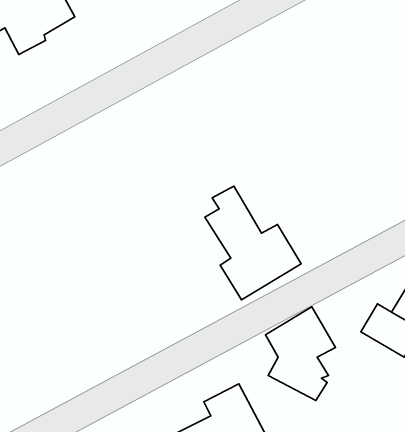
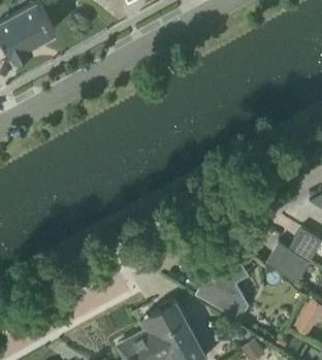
building: [205,186,301,300] -> none

